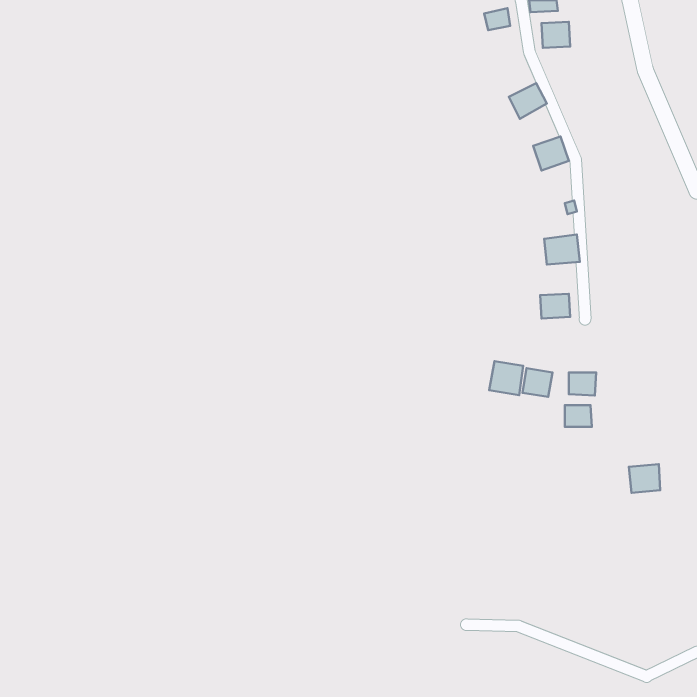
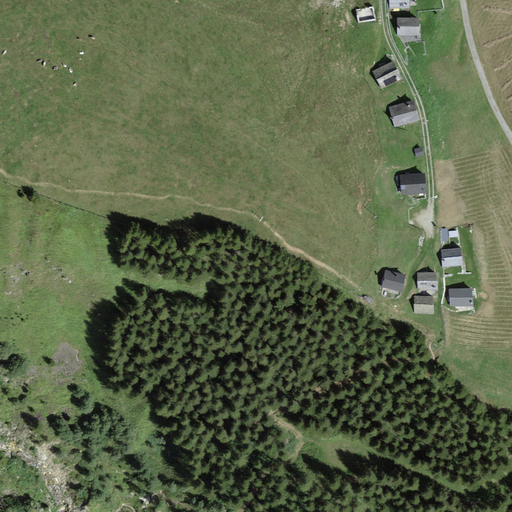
building: [540,294,570,318] -> [441,249,463,267]
building: [489,361,523,395] -> none
building: [629,464,660,493] -> [448,287,471,308]

